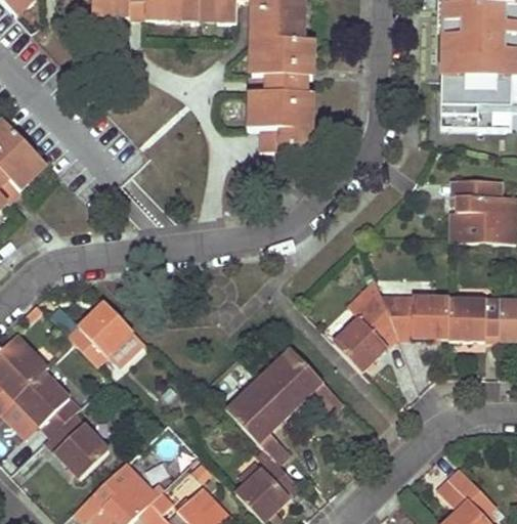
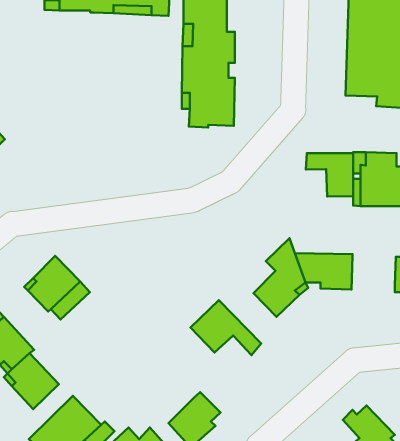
building: none -> [306,153,353,197]
building: [447,300,499,341] -> none
building: [229,383,290,464] -> none

